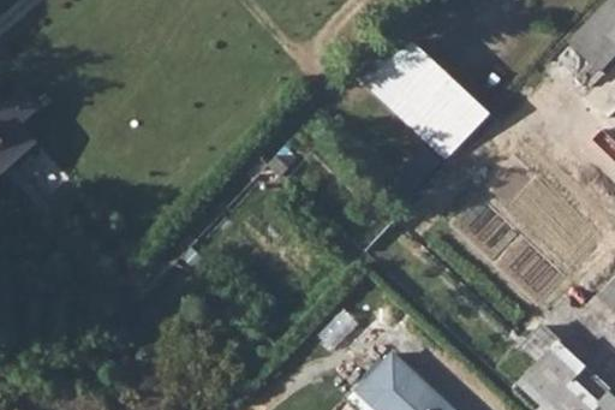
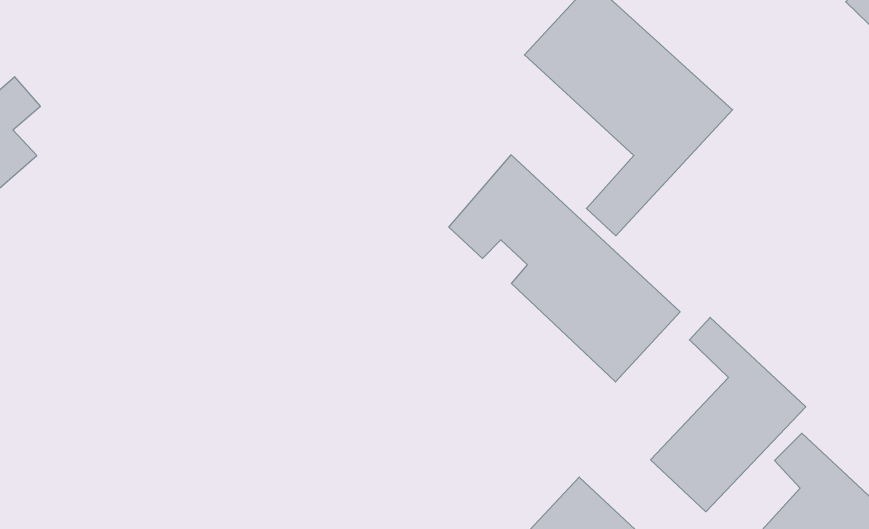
building: none -> [449,155,680,382]
building: none -> [651,317,806,512]

